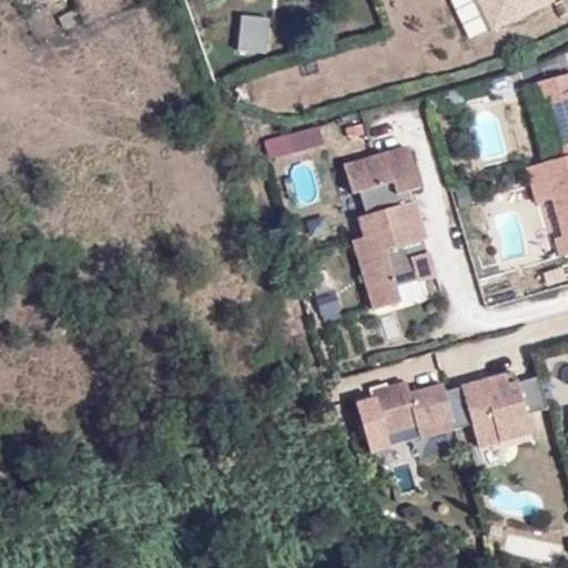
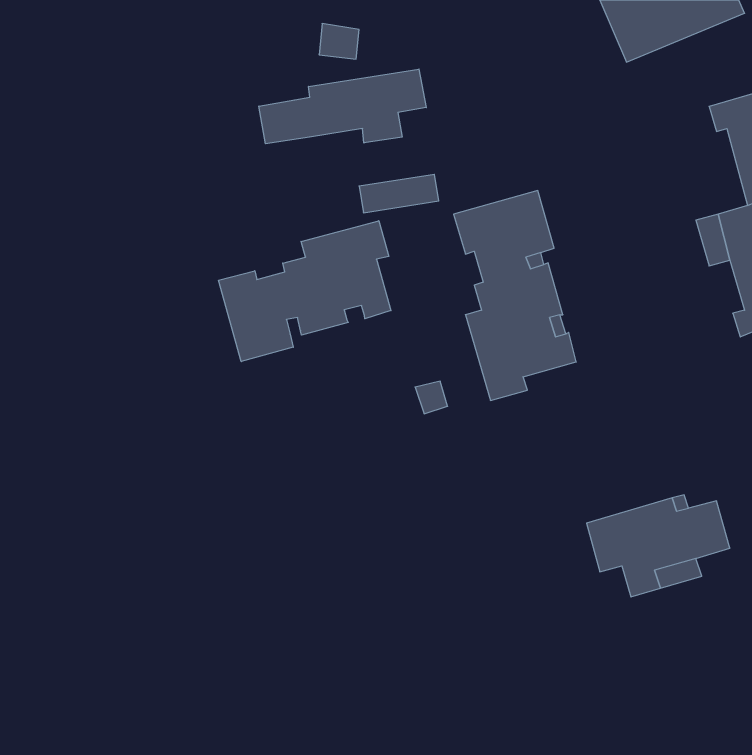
building: none -> [259,69,426,144]
building: none -> [219,221,391,362]
building: [353,383,453,454] -> none

